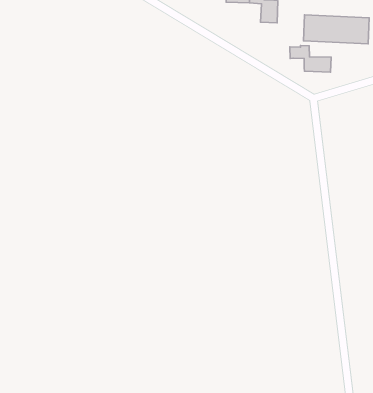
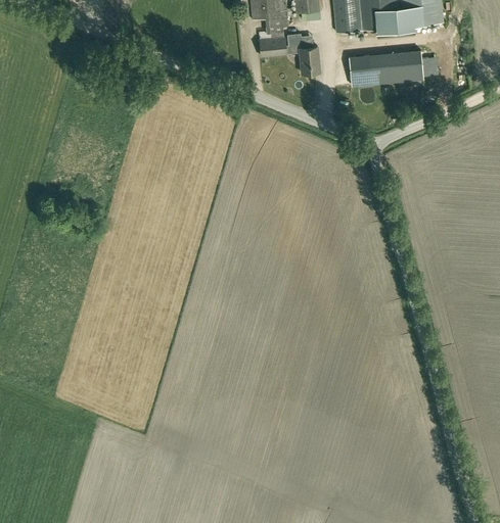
building: [290,45,331,72] -> none

